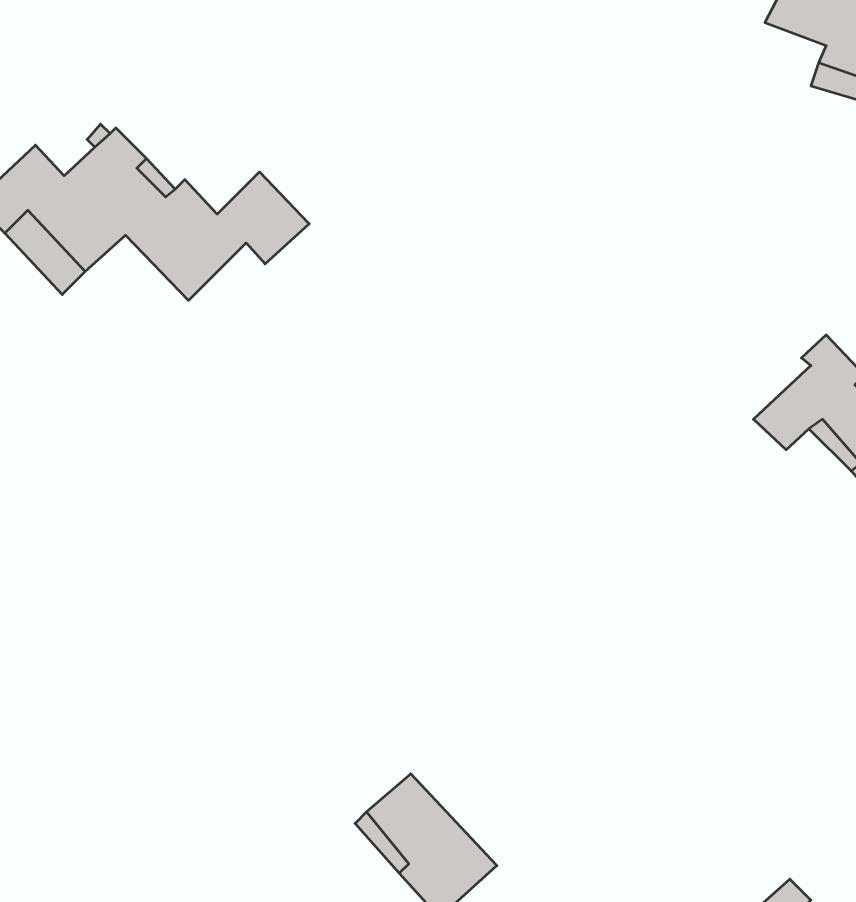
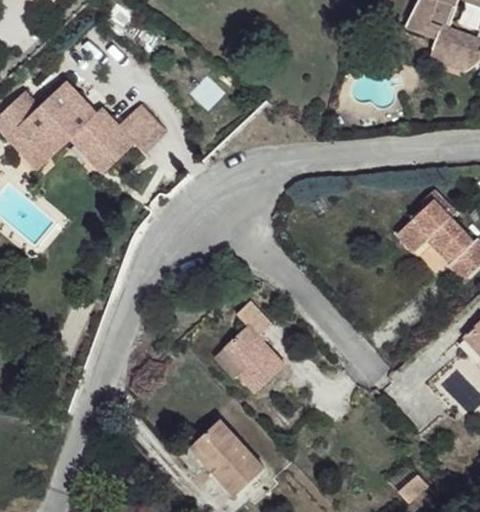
building: none -> [225,301,285,392]

